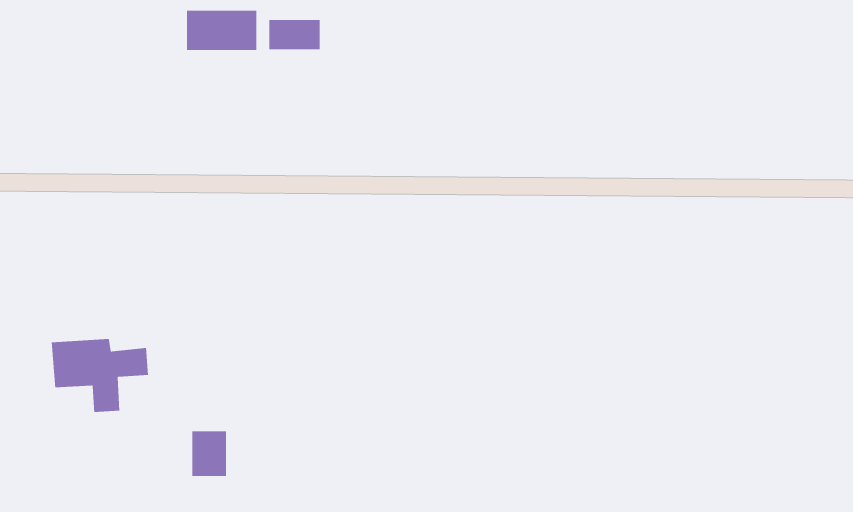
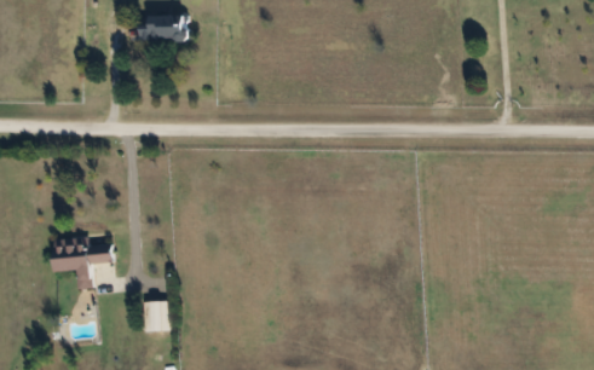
building: [268,19,321,50] -> none

